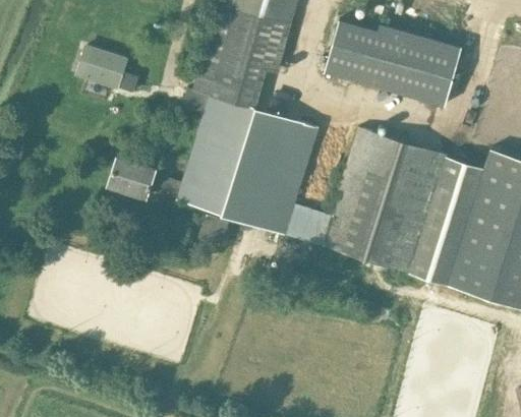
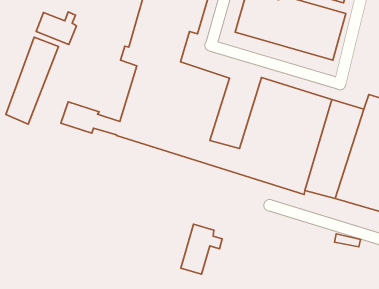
building: none -> [6,37,59,124]
building: none -> [181,224,222,274]

